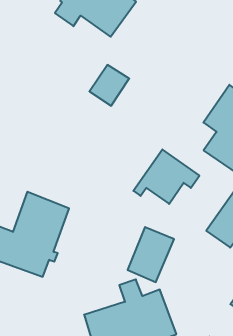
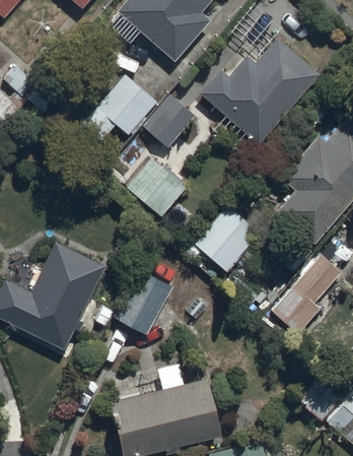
building: none -> [201,38,321,143]
building: none -> [81,73,157,142]
building: none -> [125,157,187,217]
building: [128,227,174,282] -> [113,267,173,336]

